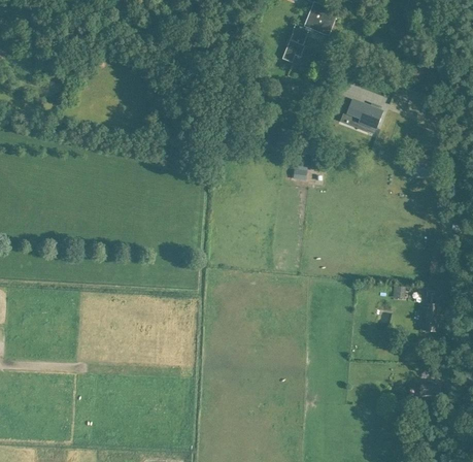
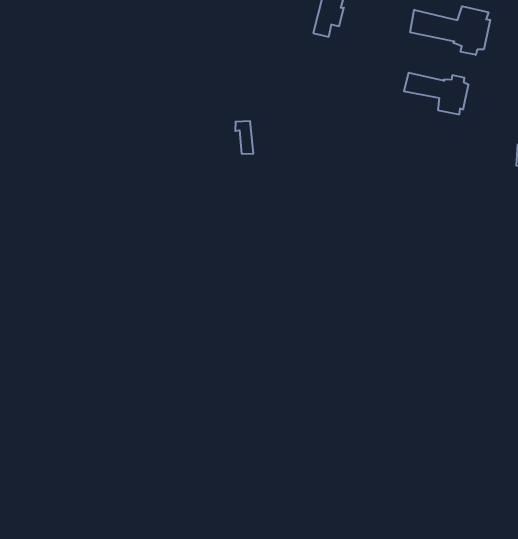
building: none -> [410,6,490,55]

